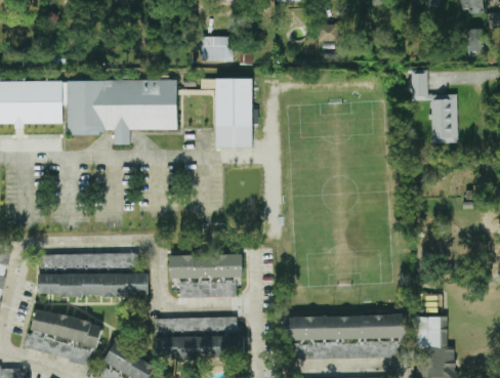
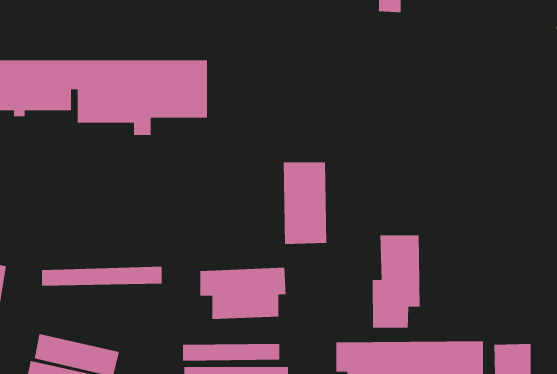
building: [200,36,233,62] -> none
building: [411,70,457,142] -> none
building: [215,78,252,148] -> [283,161,327,245]
building: none -> [372,235,421,328]
building: [39,272,148,295] -> none

